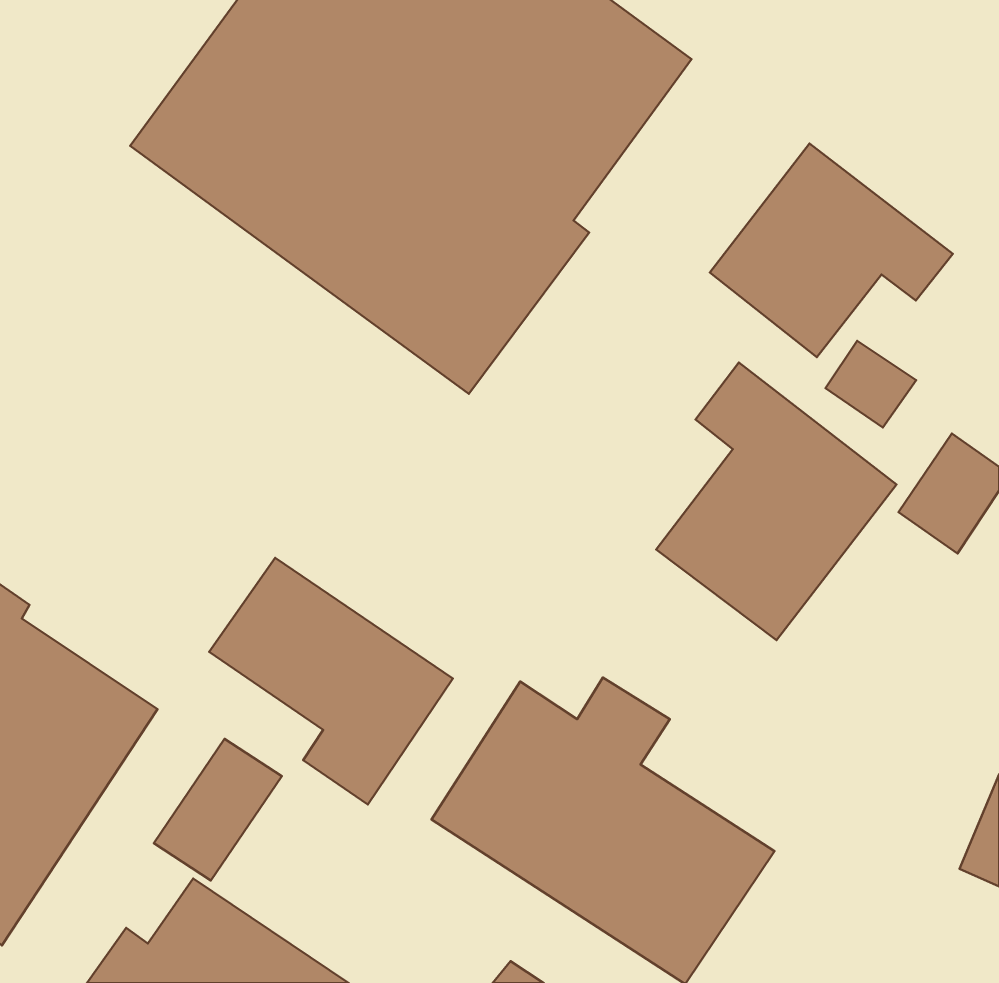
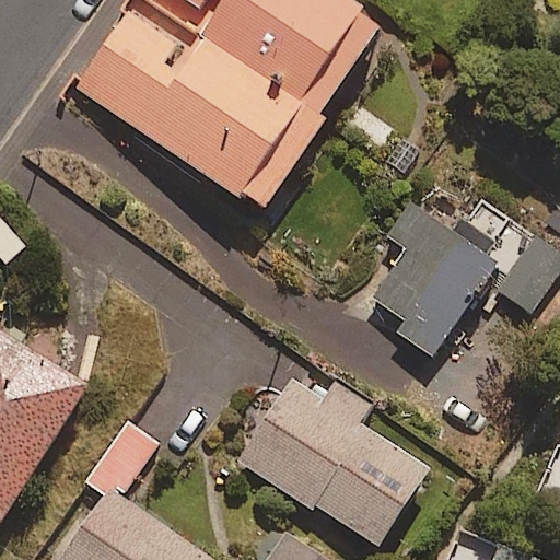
building: [710,144,953,357] -> none
building: [209,558,453,805] -> none

